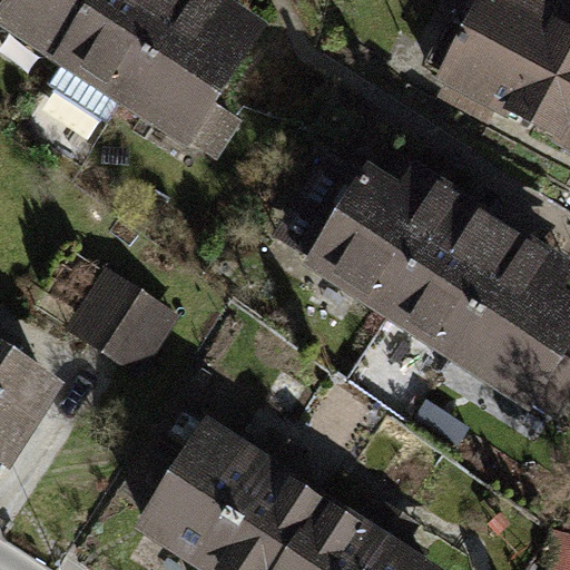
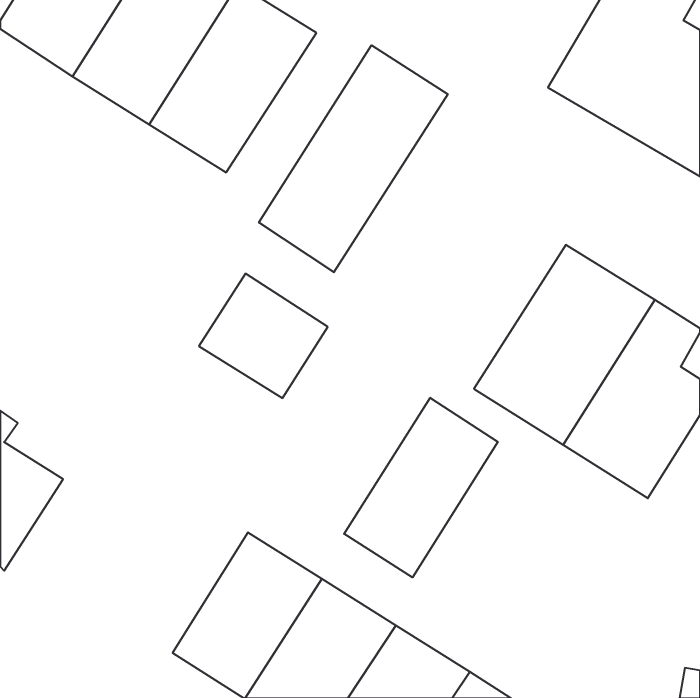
building: none -> [259,45,448,272]
building: [307,170,460,316] -> none
building: [69,273,174,374] -> [199,274,328,398]
building: none -> [344,398,498,577]

